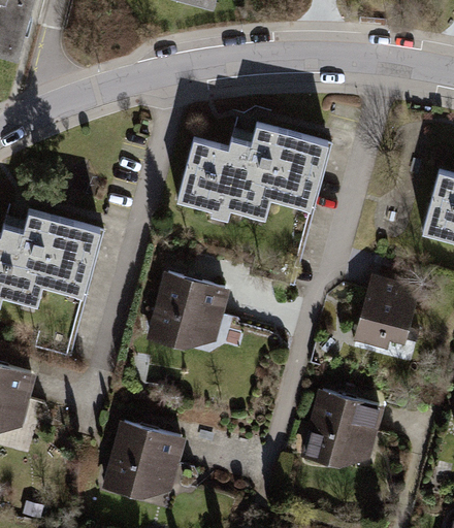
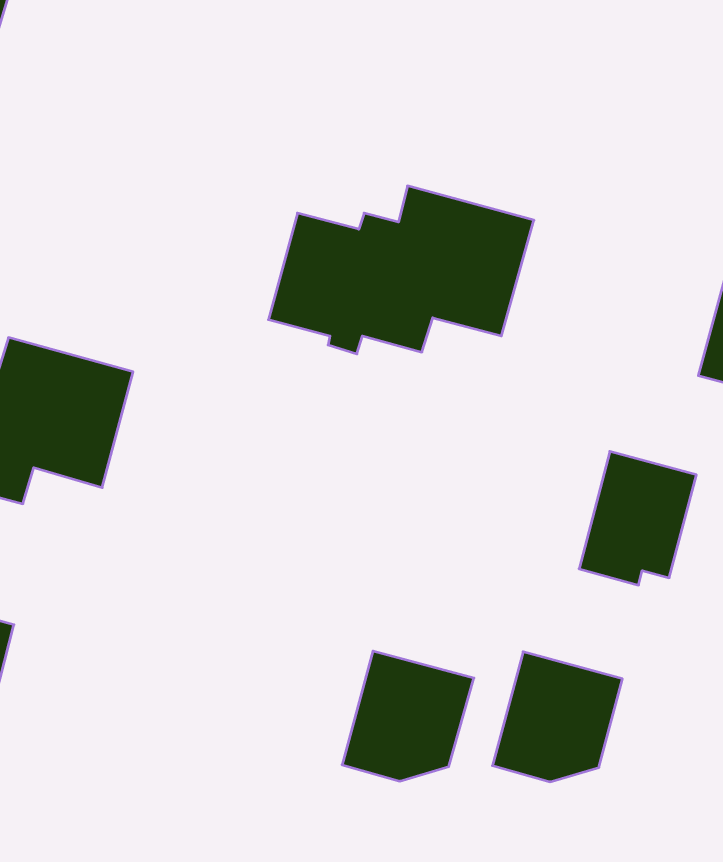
building: [151,272,226,346] -> none
building: [107,422,183,496] -> [342,651,474,781]

